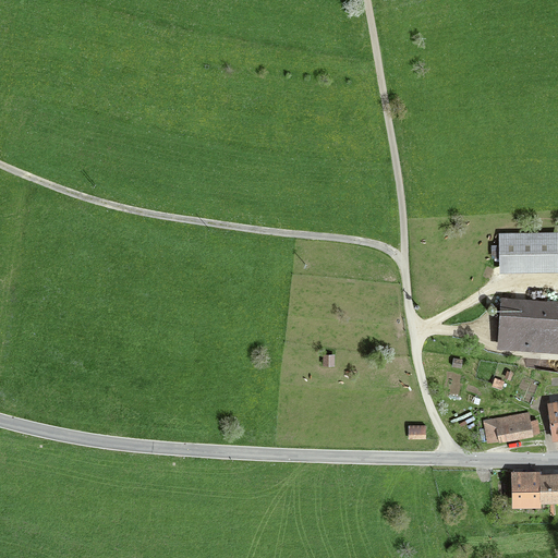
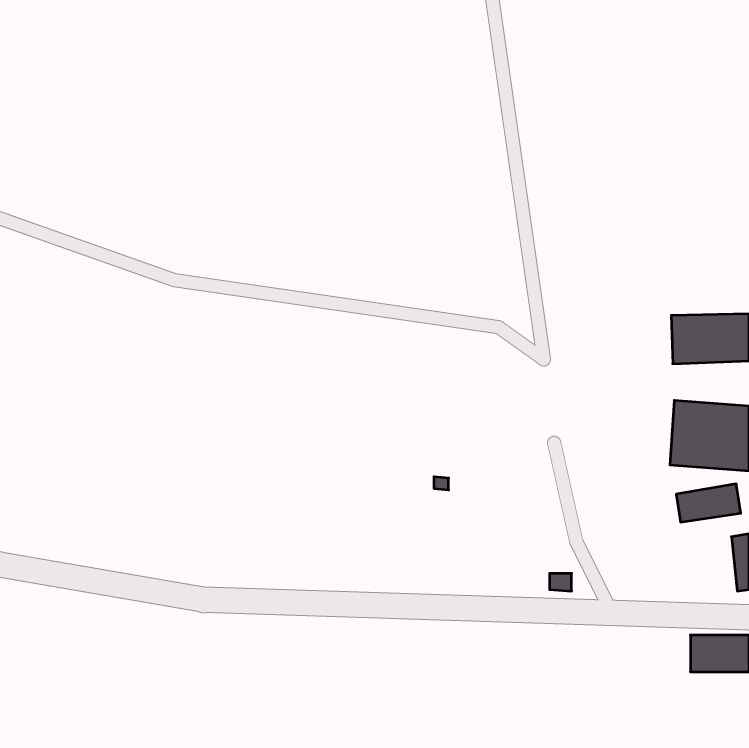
building: [484,415,532,444] -> [676,484,741,522]

